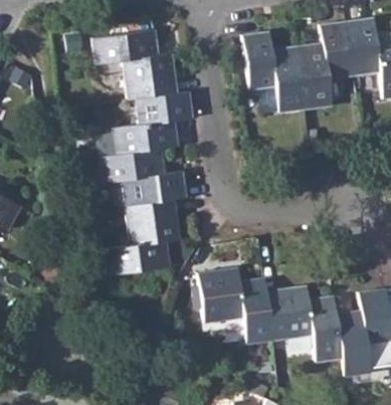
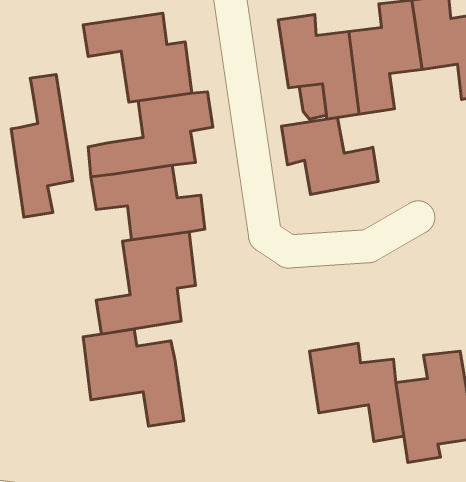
building: none -> [11,75,73,217]
building: none -> [281,118,378,194]
building: [196,266,273,341] -> [83,329,184,426]

